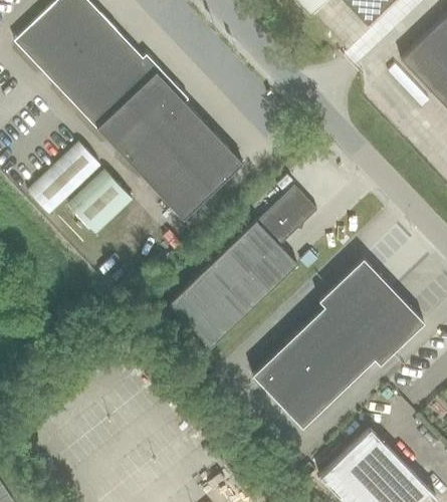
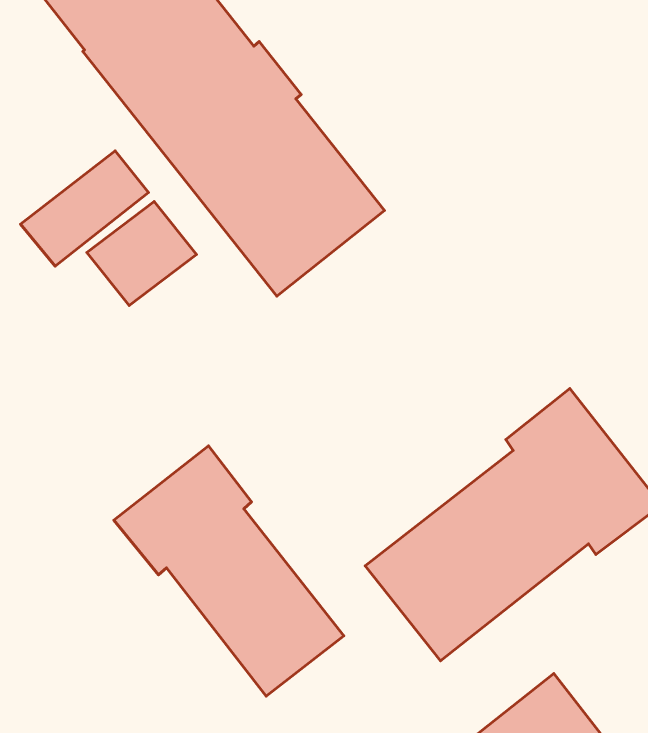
building: [171,186,318,348] -> none
building: none -> [114,446,344,696]

